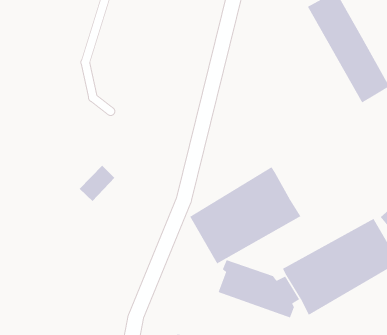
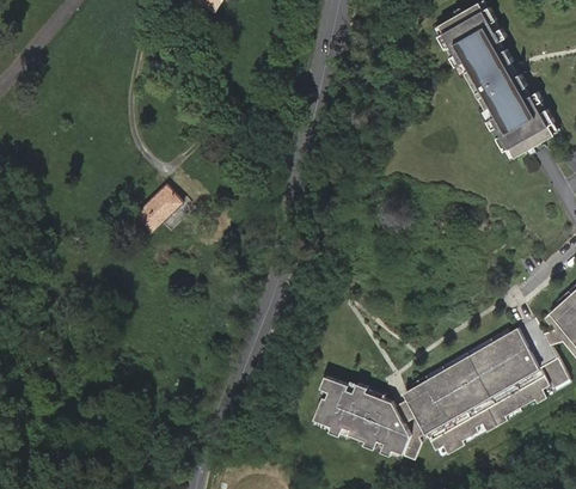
building: [79,165,115,202] -> [131,184,182,236]
building: [189,166,301,264] -> none

